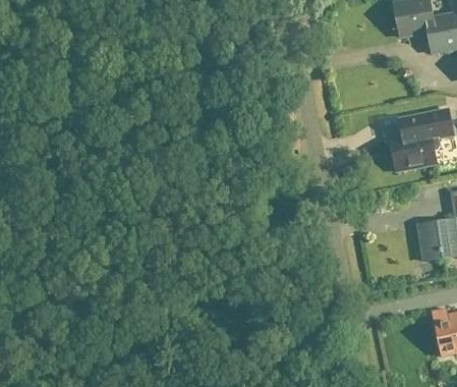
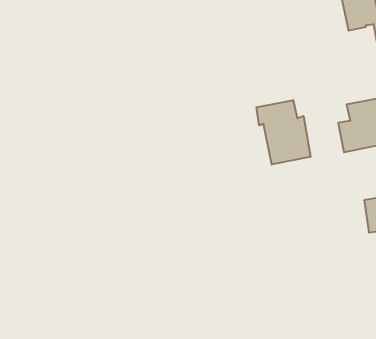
building: none -> [257,100,311,165]

